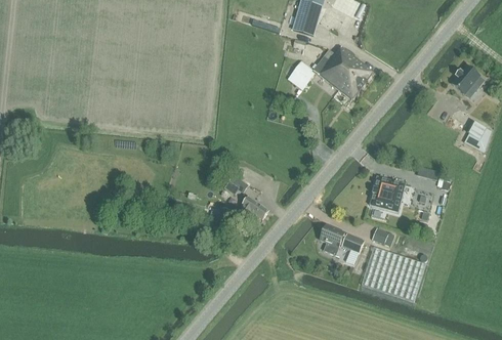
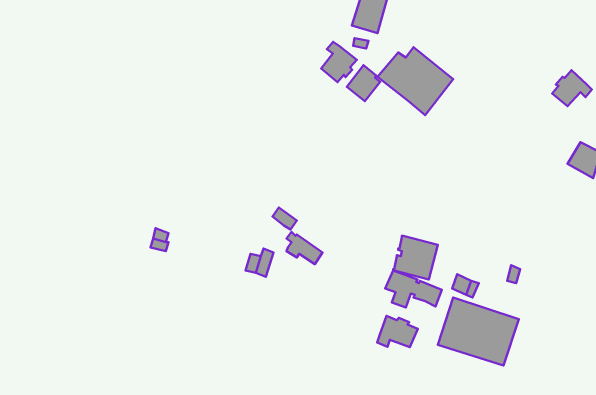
building: none -> [321,42,357,82]
building: [369,177,405,212] -> [393,236,438,279]
building: none -> [377,316,418,347]

